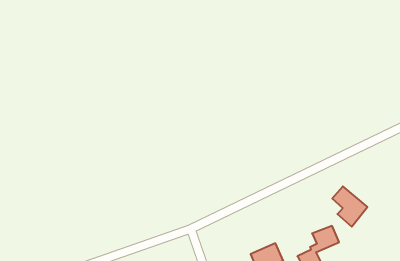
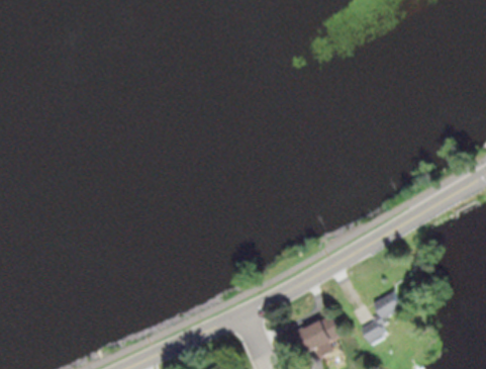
building: [332,186,367,227] -> none

